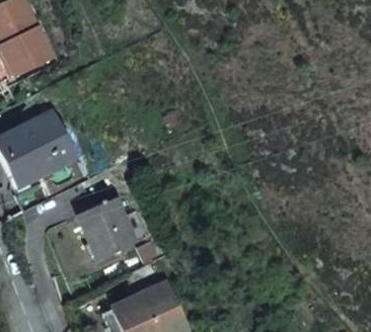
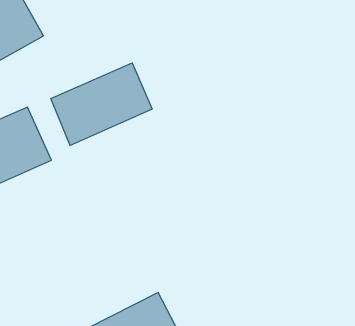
building: none -> [51,63,152,146]
building: [75,196,137,262] -> none

